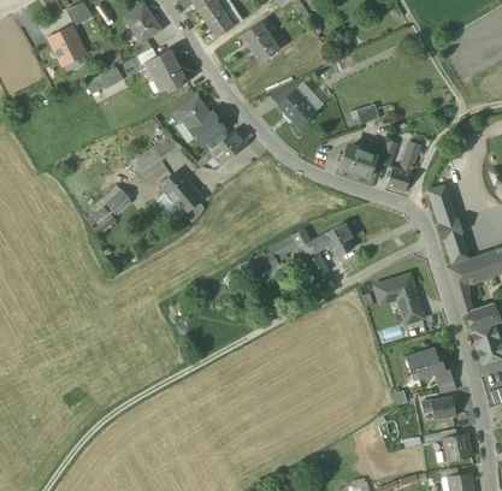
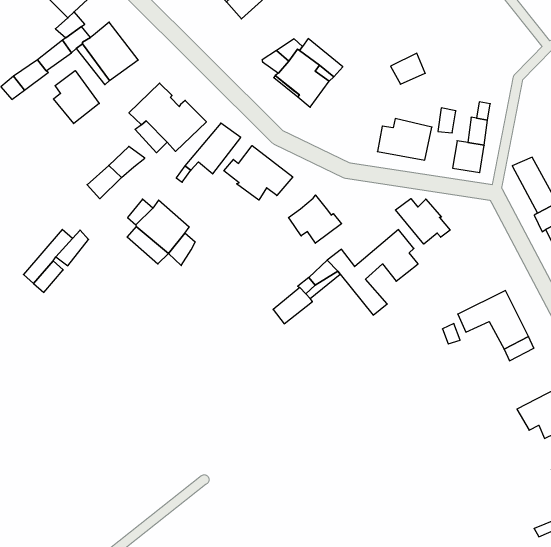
building: none -> [53,71,99,124]
building: none -> [224,146,293,200]
building: none -> [289,195,342,243]
building: none -> [395,199,450,244]

